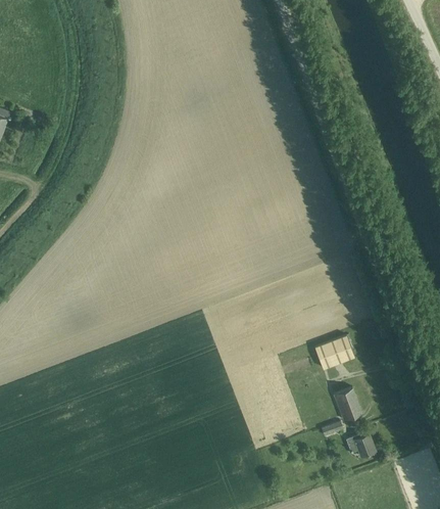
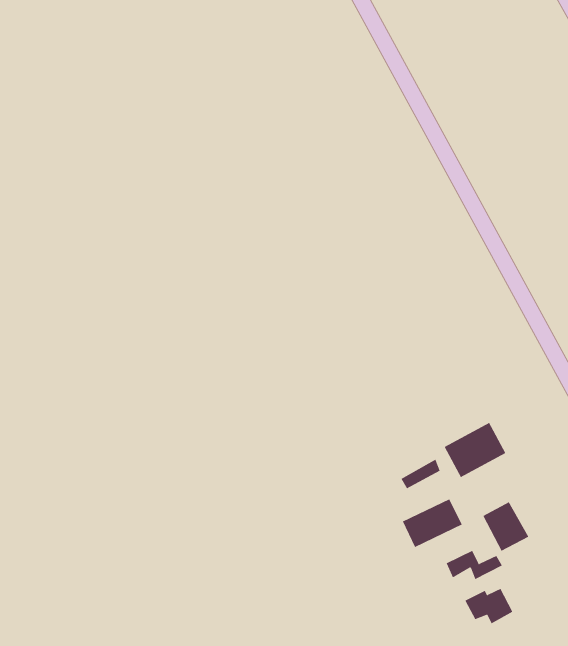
building: none -> [402,499,463,548]
building: [344,434,375,457] -> [465,588,513,624]

